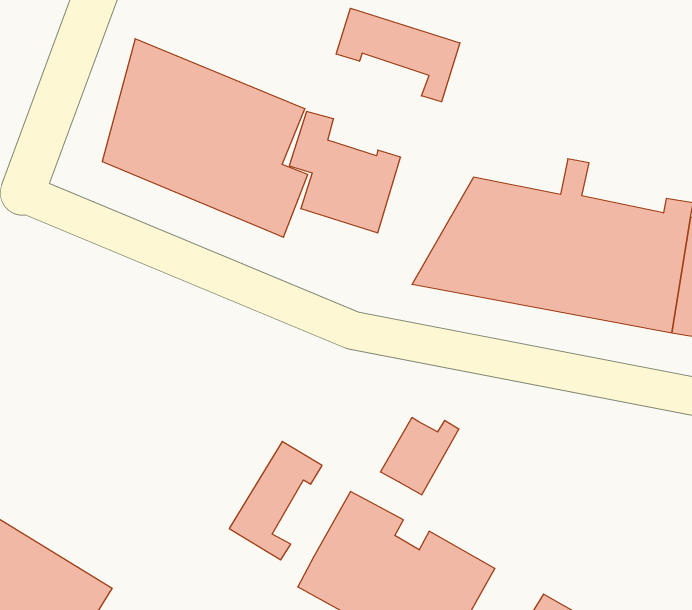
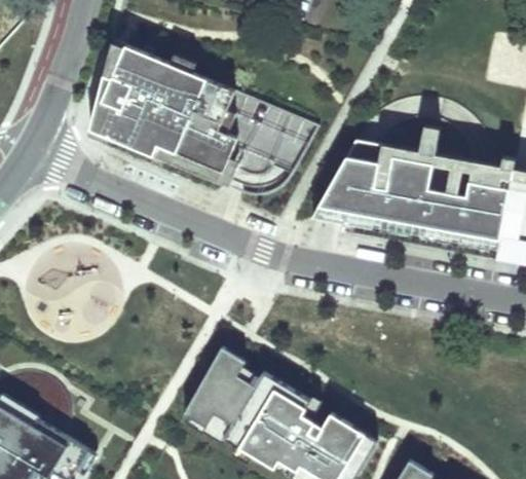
building: [336,8,460,102] -> none
building: [380,418,459,495] -> [213,365,269,420]

